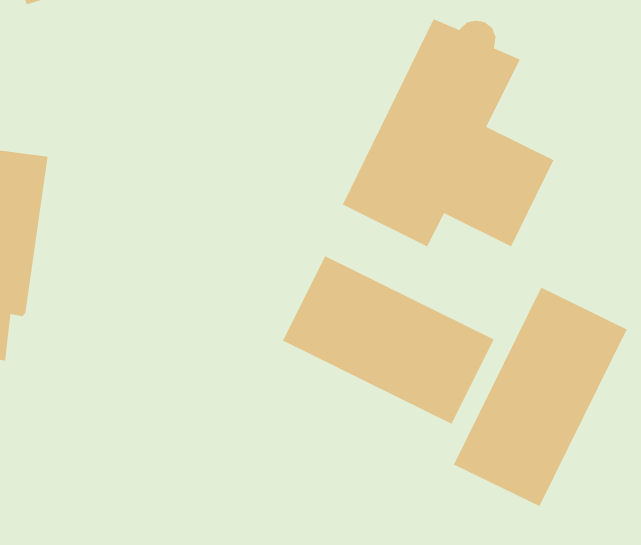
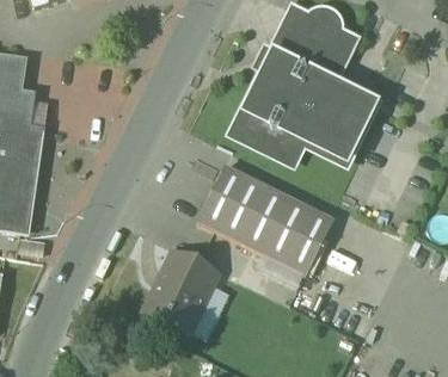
building: [453,287,628,507] -> none
building: none -> [142,251,217,333]

